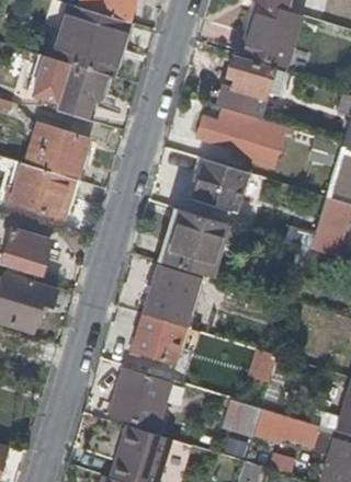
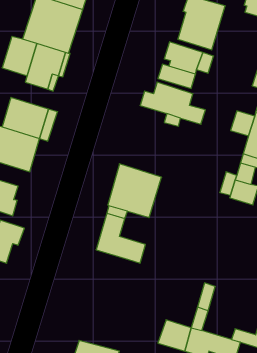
building: [194,161,250,215] -> none
building: [132,314,183,365] -> none
building: [111,368,170,428] -> none

